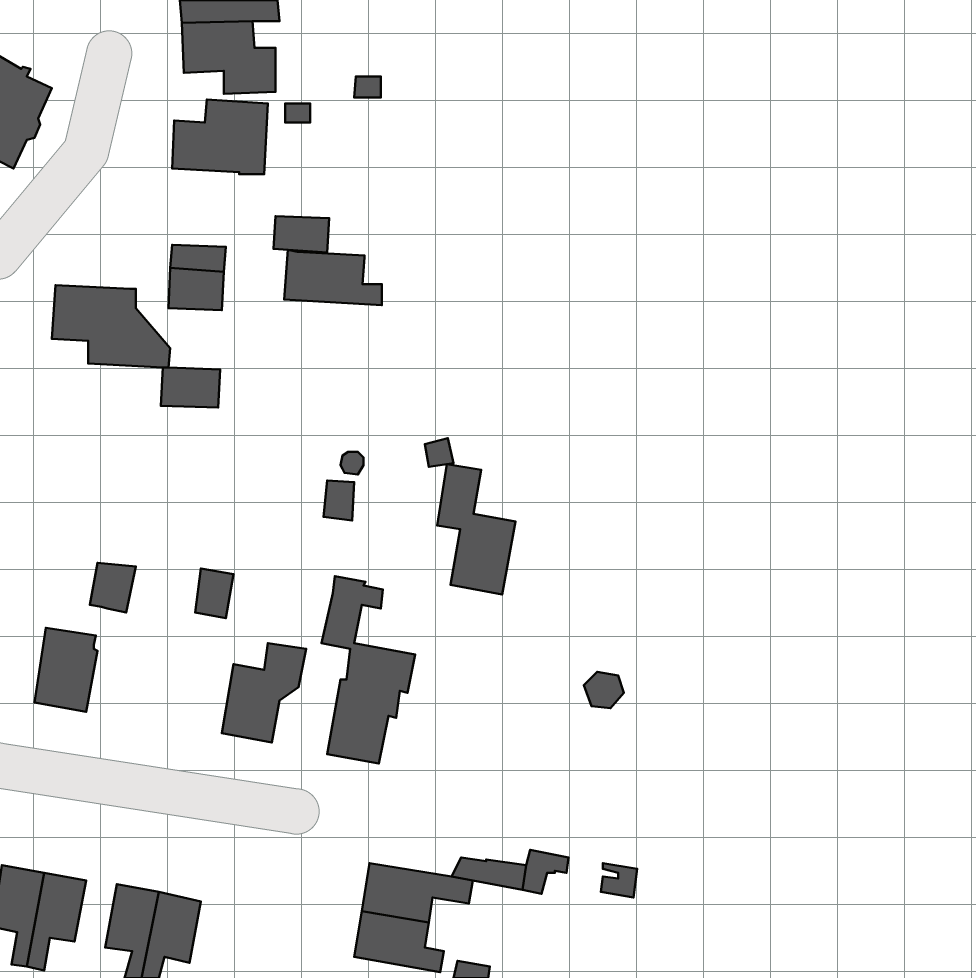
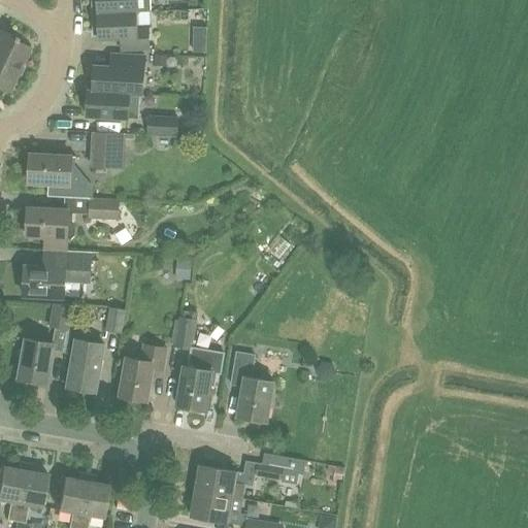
building: [284,250,382,305] -> [86,90,138,120]
building: none -> [25,207,68,238]
building: none -> [23,250,90,297]
building: [437,464,516,594] -> [231,352,273,422]
building: none -> [66,339,103,392]

